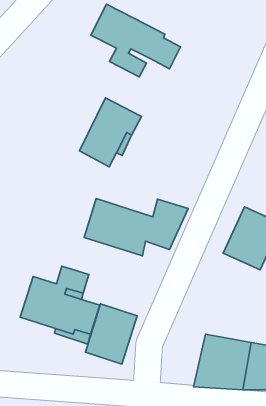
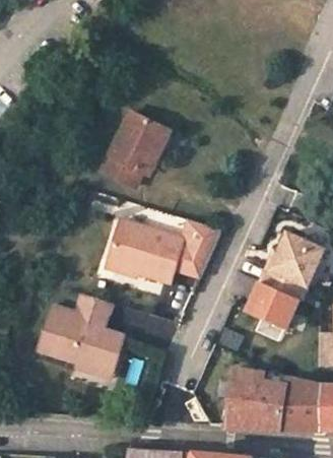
building: [91,4,181,77] -> none
building: none -> [246,280,299,327]
building: [85,304,137,364] -> none

